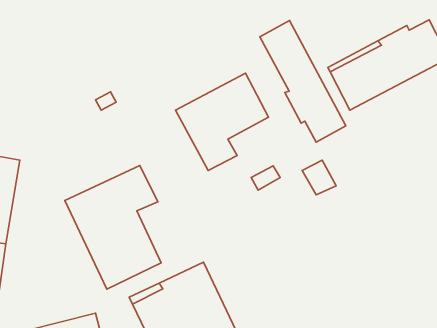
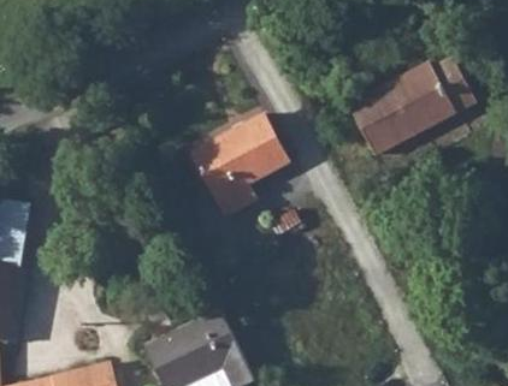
building: [260,21,346,142] -> none
building: [65,165,161,289] -> none

